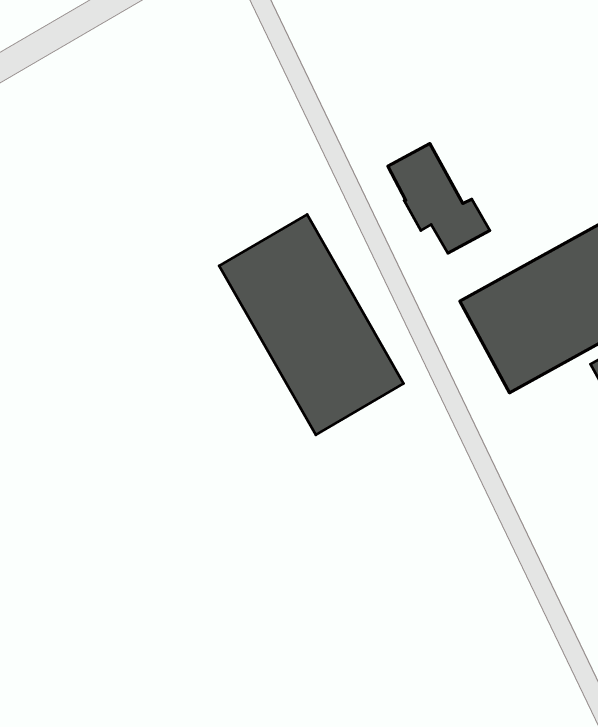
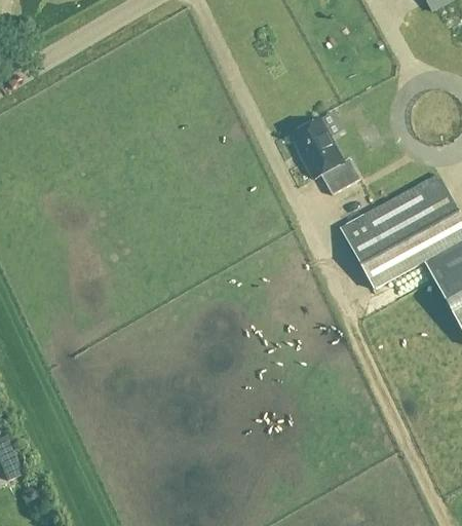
building: [219,214,404,435] -> none

